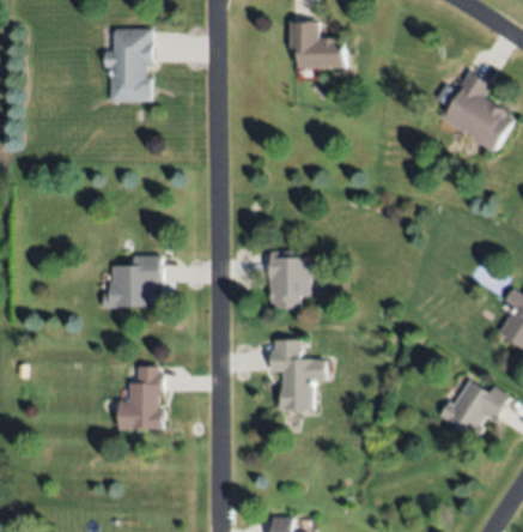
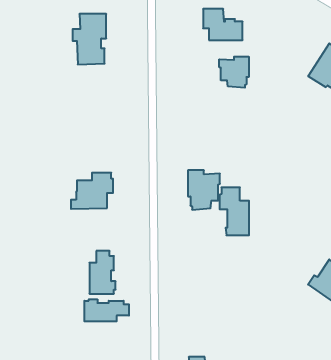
building: none -> [219,57,249,88]
building: [270,341,312,410] -> [220,187,249,235]
building: none -> [84,299,129,321]

